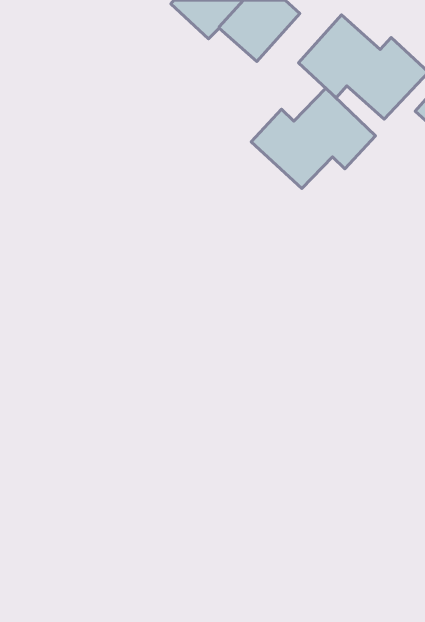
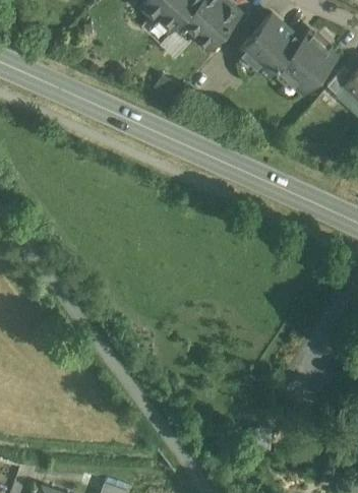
building: [251,88,375,188] -> none

